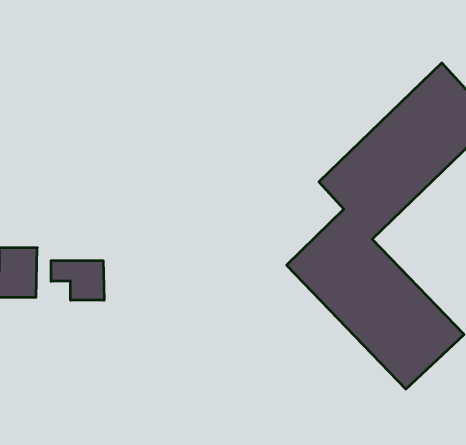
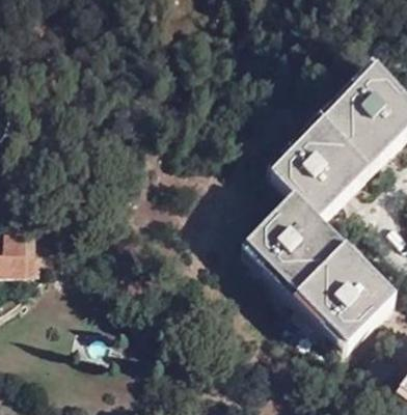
building: [51,261,104,300] -> none

